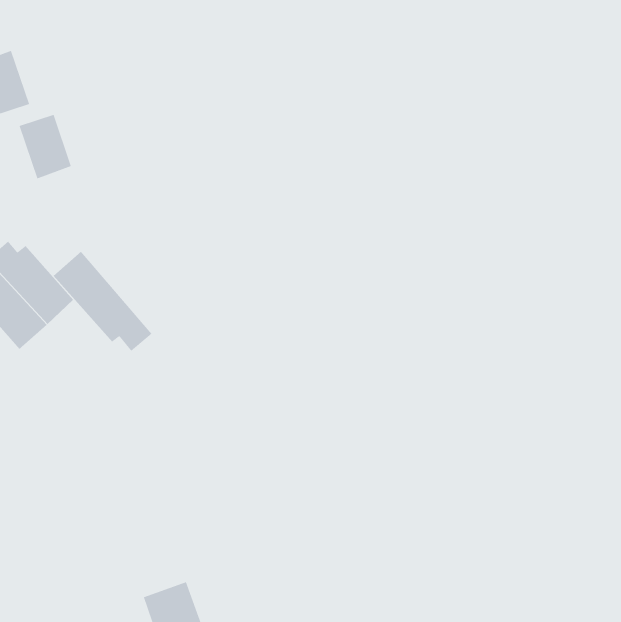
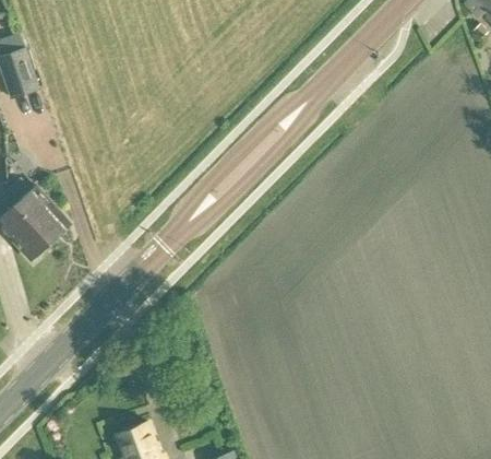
building: [18,114,72,179] -> none
building: [53,251,152,352] -> none

